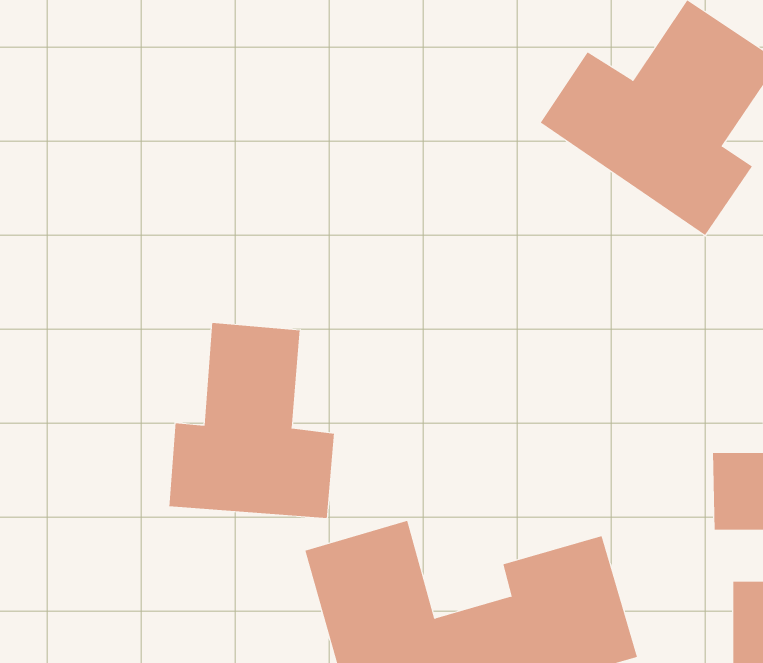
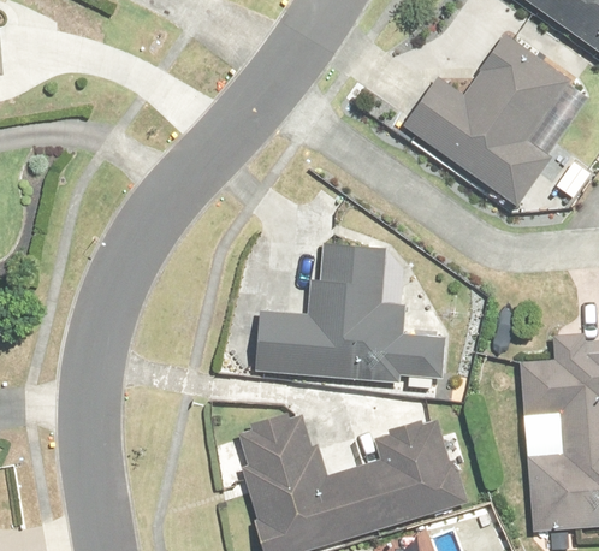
building: none -> [254,244,447,383]
building: [169,322,334,519] -> none

